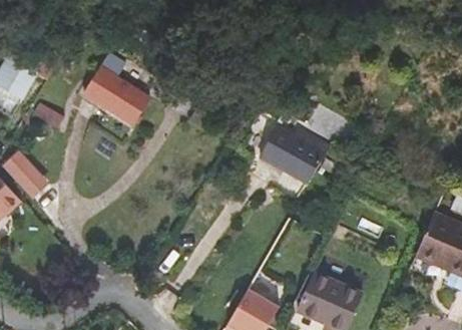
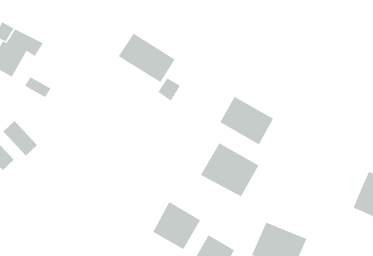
building: [82,67,149,125] -> [118,33,175,83]
building: none -> [200,143,259,197]
building: none -> [152,201,201,250]

